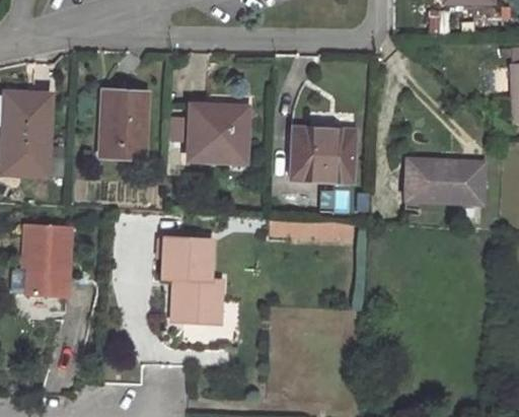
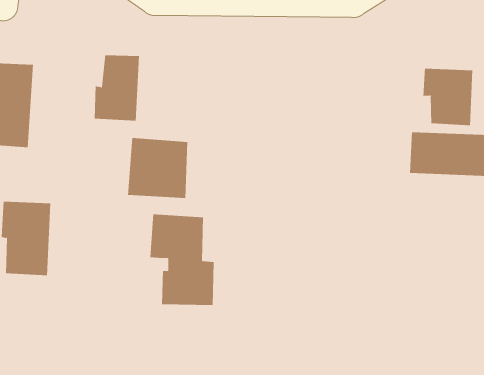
building: [192,99,249,157] -> [127,138,188,198]
building: none -> [423,68,473,126]
building: [292,131,353,183] -> none

